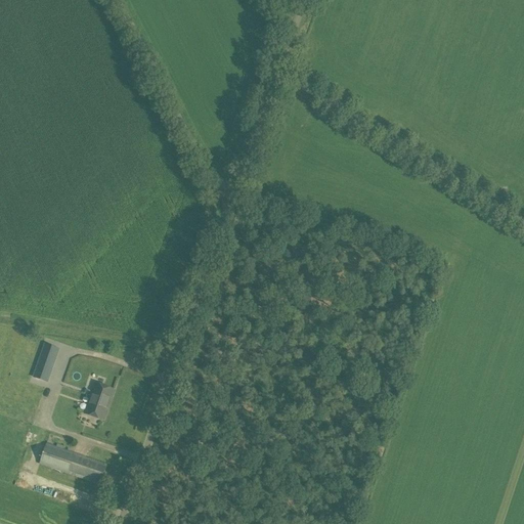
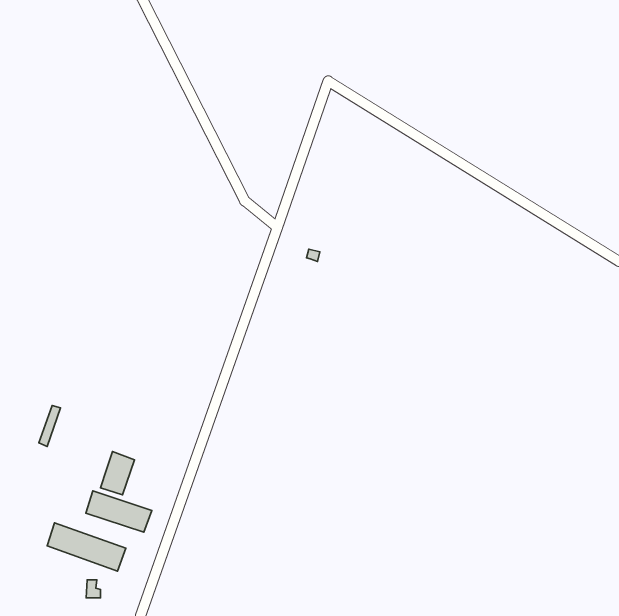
building: none -> [86,491,152,532]

